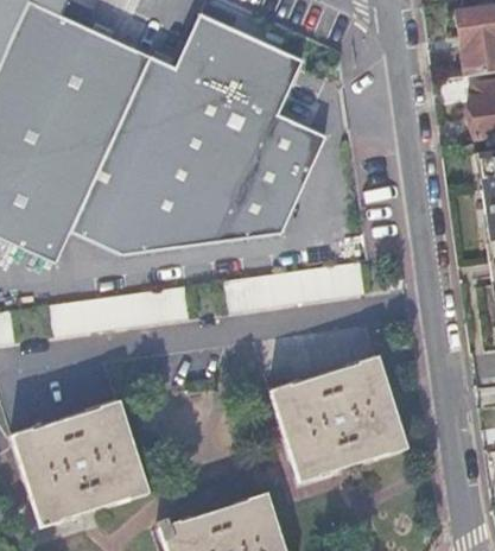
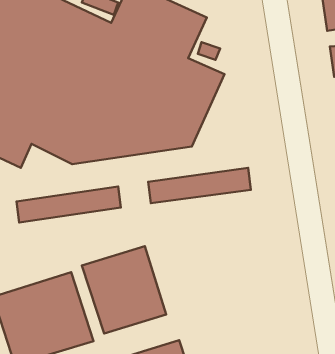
building: [268,356,405,481] -> none
building: none -> [82,246,166,333]

